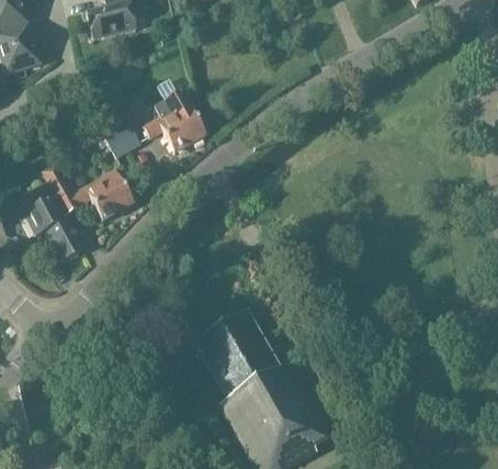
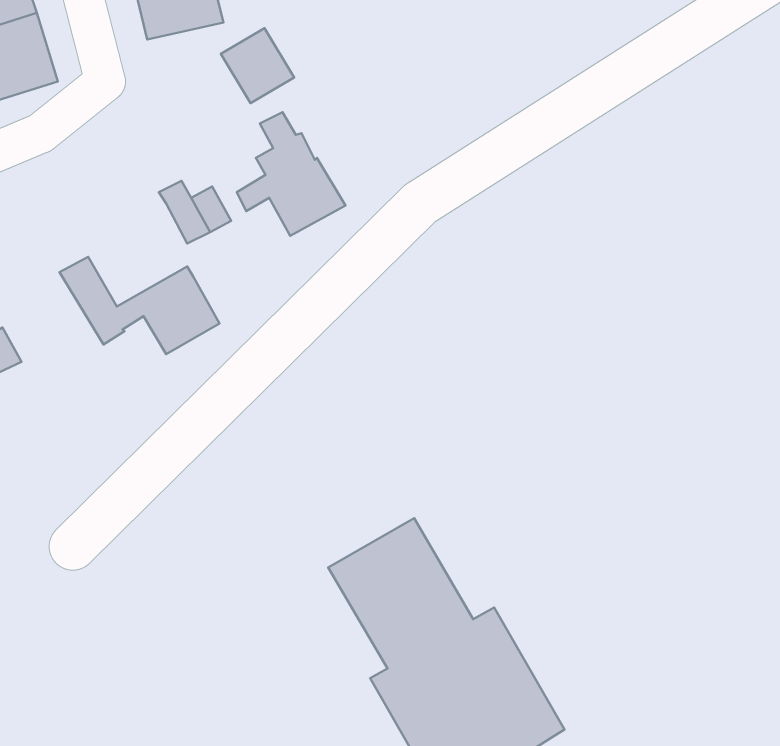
building: none -> [221,28,294,103]
building: [19,182,83,259] -> none

